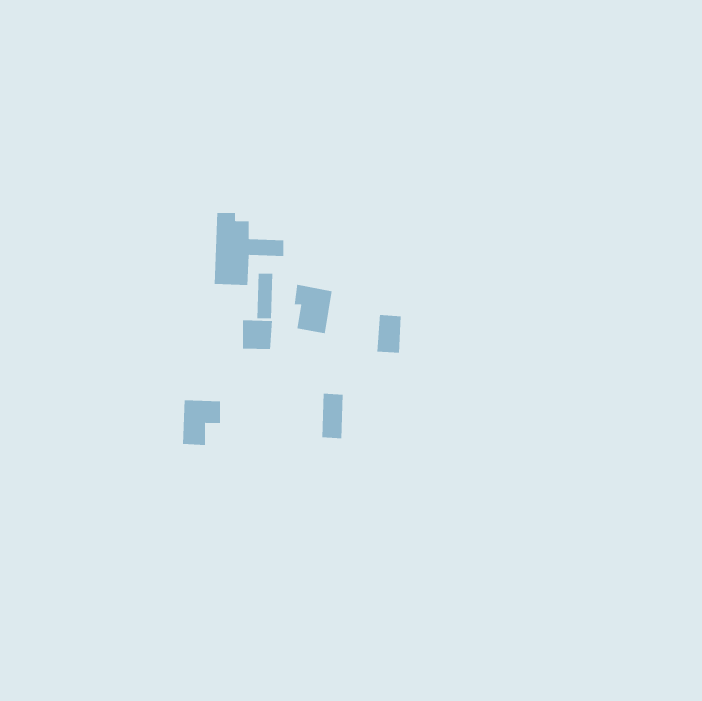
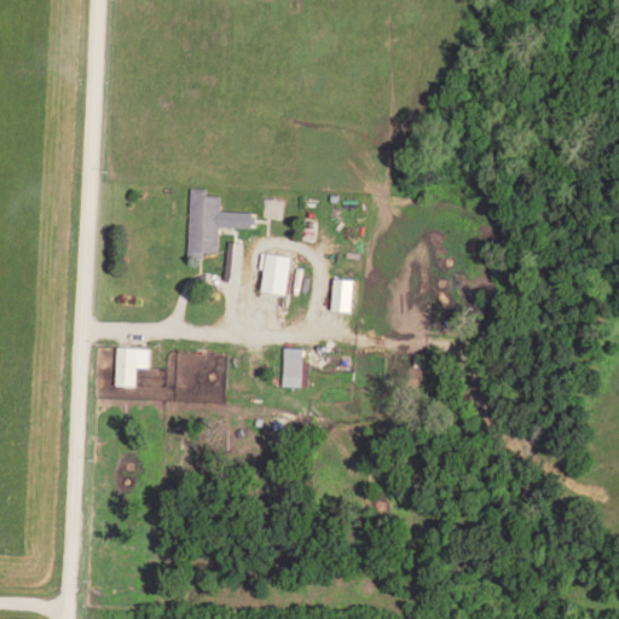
building: [242,319,272,350] -> none
building: [182,400,221,445] -> [115,348,149,388]

